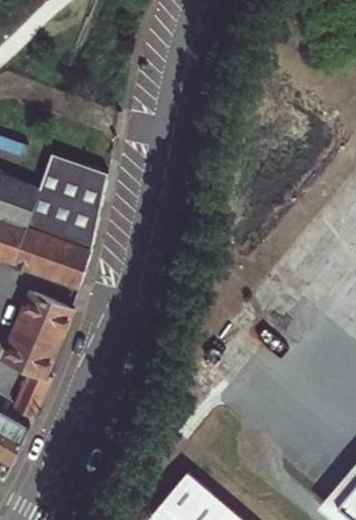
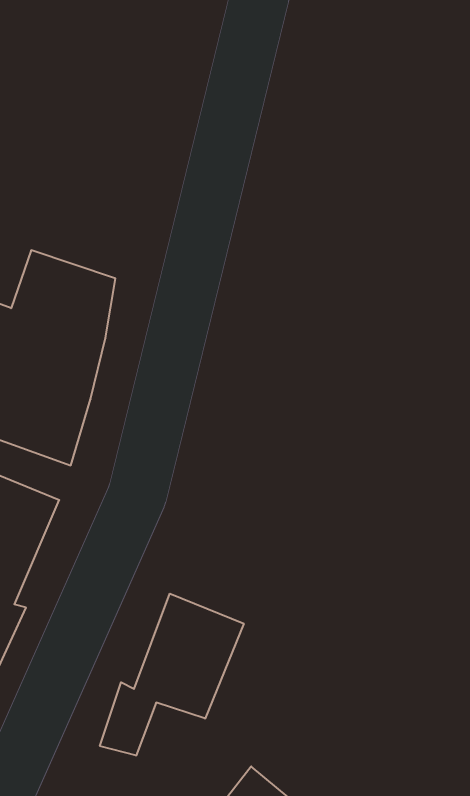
building: none -> [100,594,244,756]

